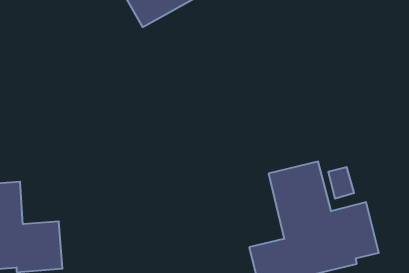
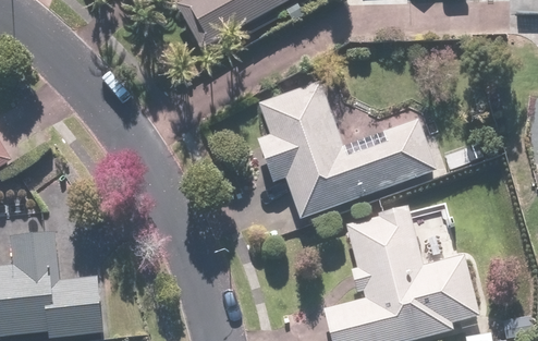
building: none -> [257,81,438,217]

